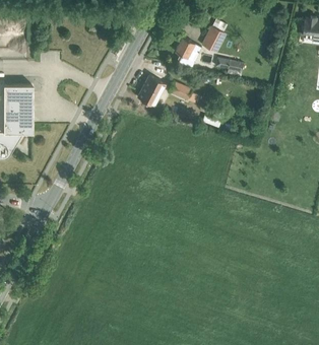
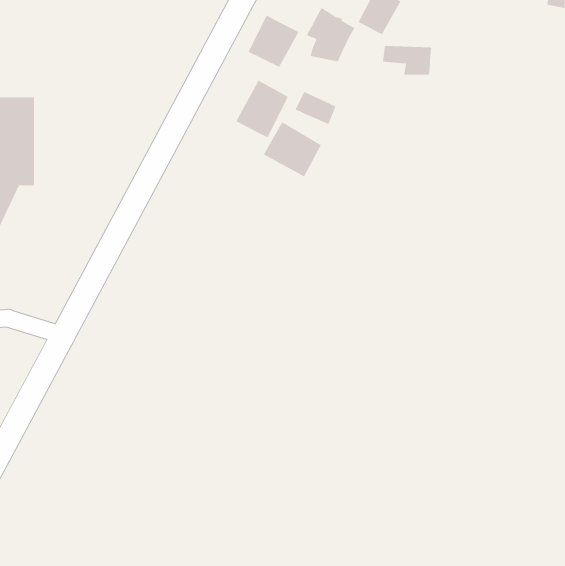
building: none -> [247,15,299,68]
building: none -> [263,121,322,178]

